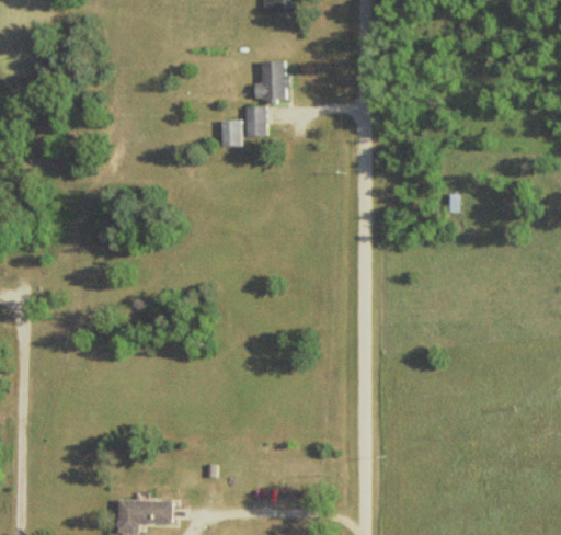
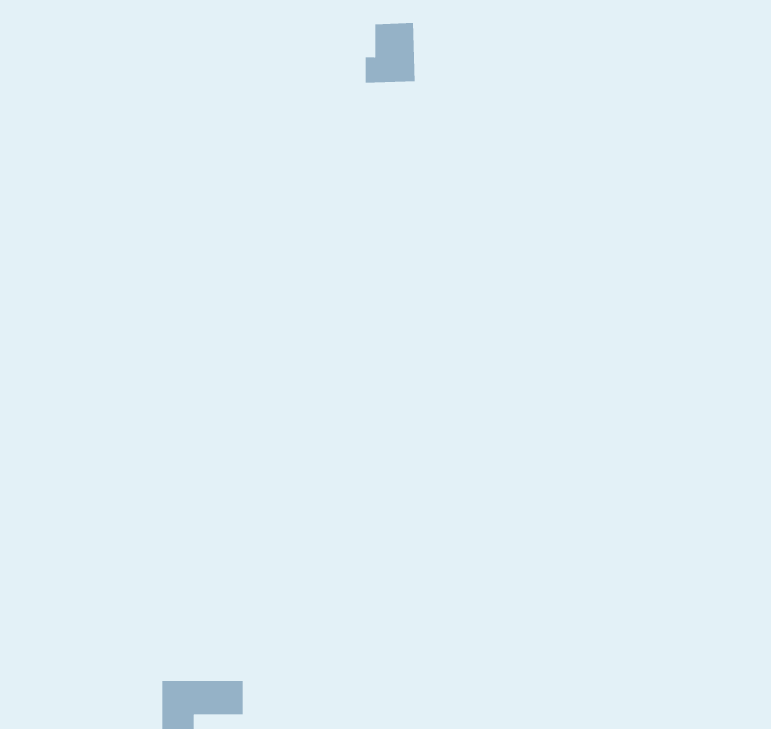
building: [245,105,266,135] -> none
building: [220,121,240,146] -> none

